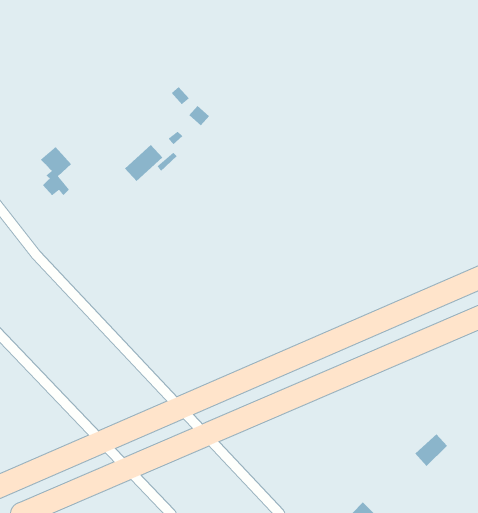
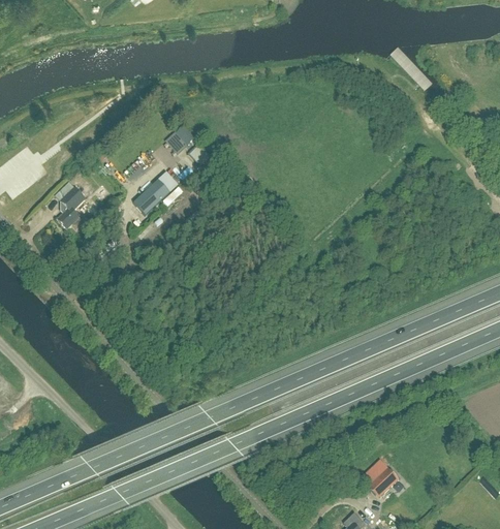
building: [414,433,448,467] -> [369,466,400,497]

